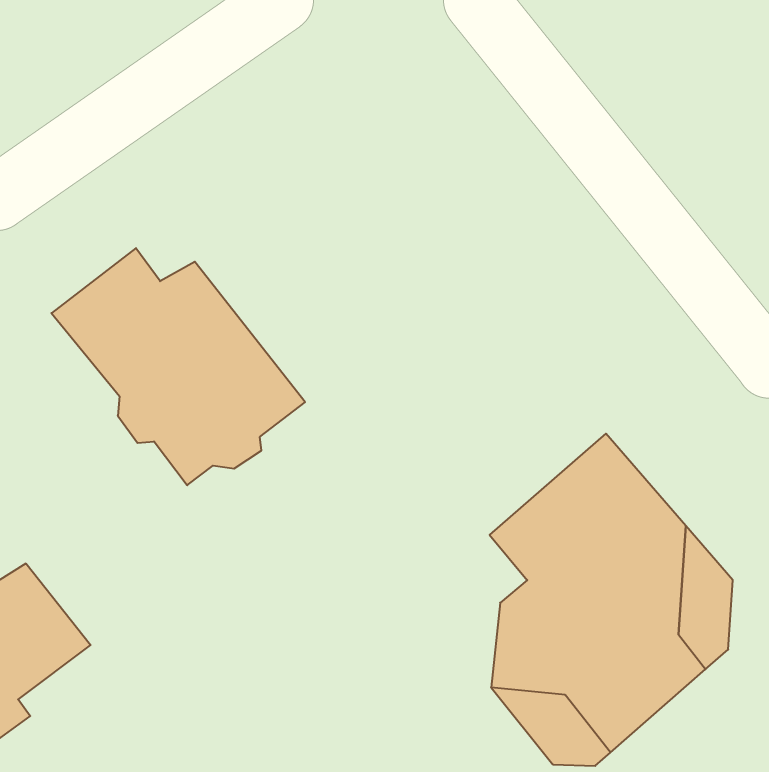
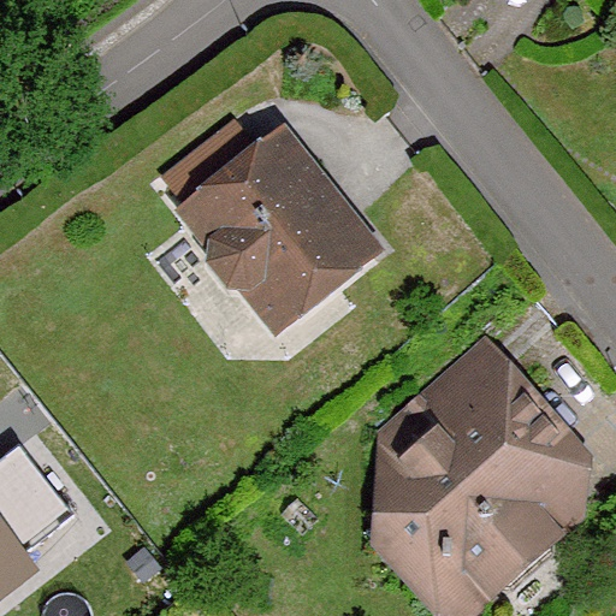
building: [51,248,305,485] -> [166,130,368,319]

